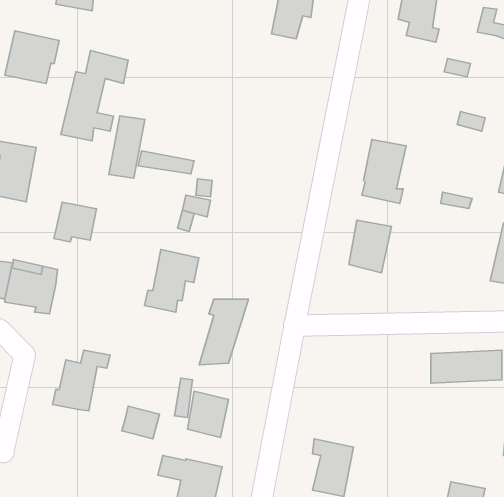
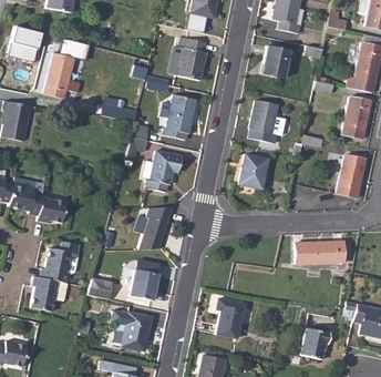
building: none -> [169,38,206,80]
building: none -> [262,45,290,78]
building: [109,116,145,178] -> none
building: none -> [167,94,200,140]
building: [54,202,97,242] -> [38,196,66,223]
building: [144,249,199,312] -> [146,150,183,192]
building: none -> [31,275,59,310]

